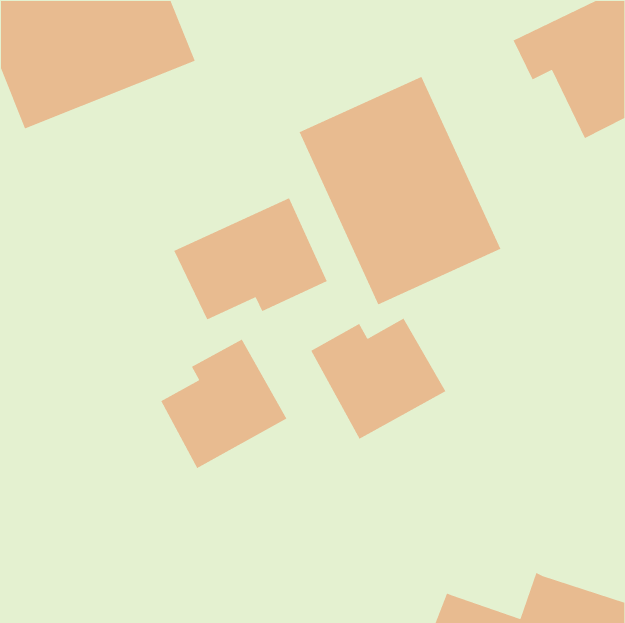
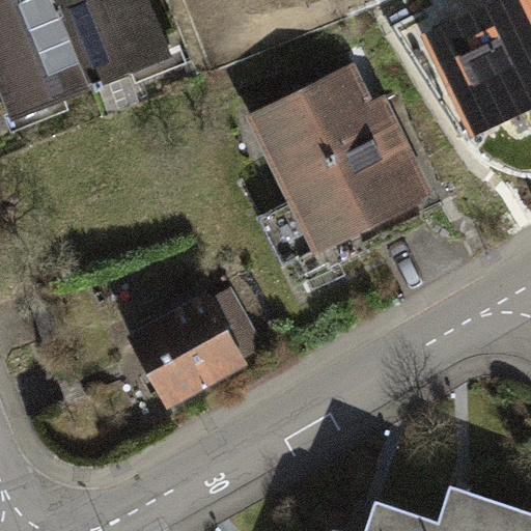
building: [173,197,328,321] -> none
building: [310,317,446,440] -> none

